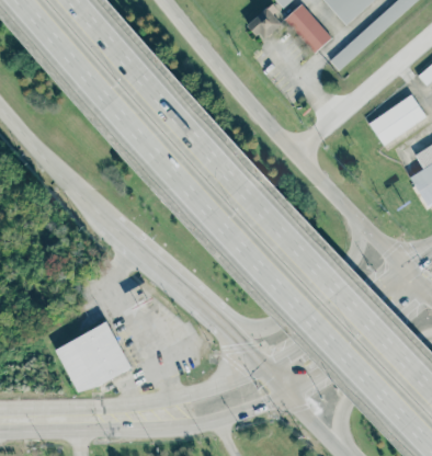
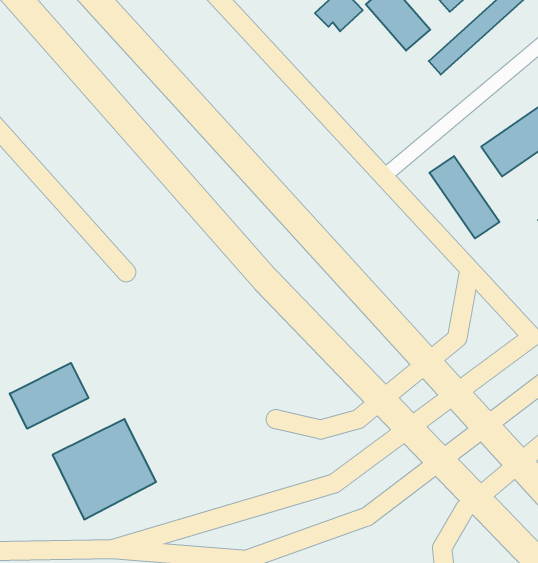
building: none -> [429,156,499,238]
building: none -> [10,363,88,429]

